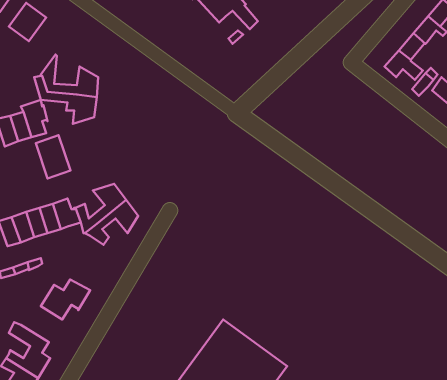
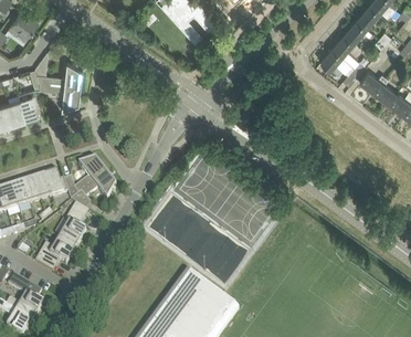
building: [36,135,70,178] -> none
building: none -> [59,203,88,249]

